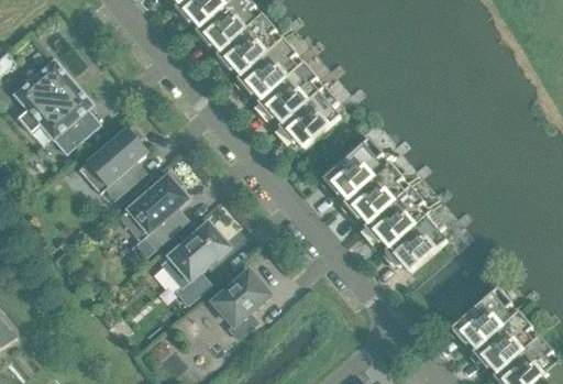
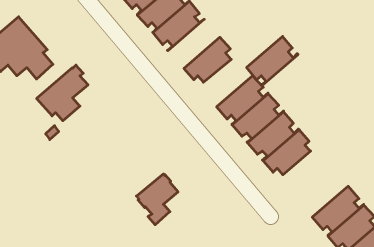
building: [255,62,324,128] -> [247,36,298,86]
building: [119,171,188,245] -> none
building: [161,221,229,303] -> none

